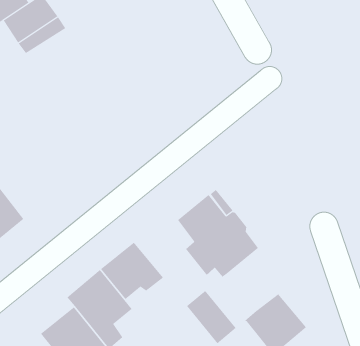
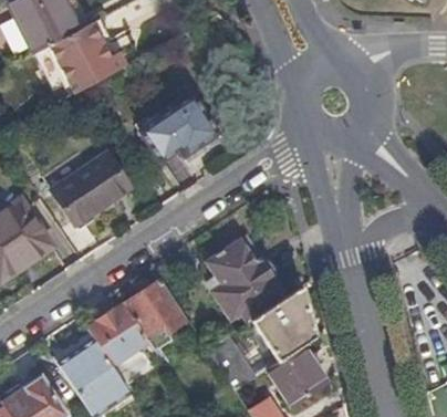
building: none -> [141,96,219,161]
building: none -> [53,154,129,226]
building: none -> [251,286,315,361]

